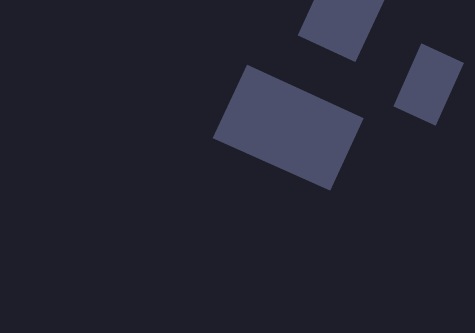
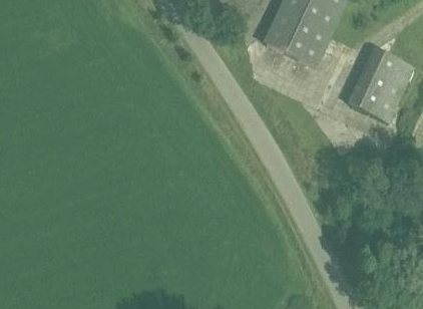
building: [212,64,364,192] -> none

